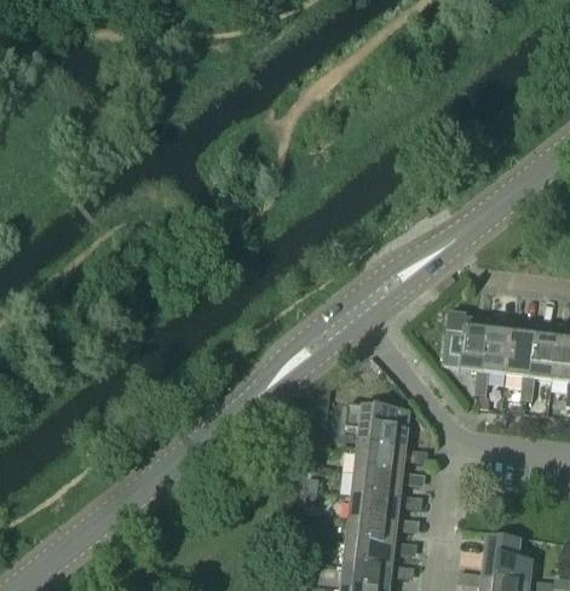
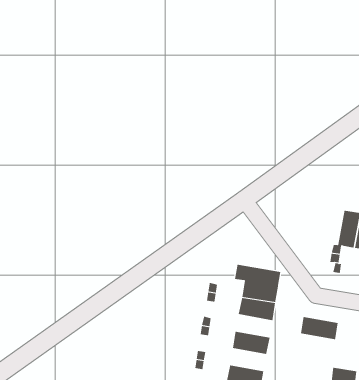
building: [443,315,490,372] -> none
building: [352,474,403,503] -> [300,316,338,340]
building: [347,520,397,549] -> none

